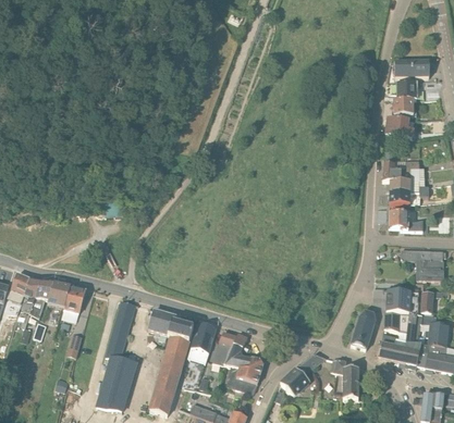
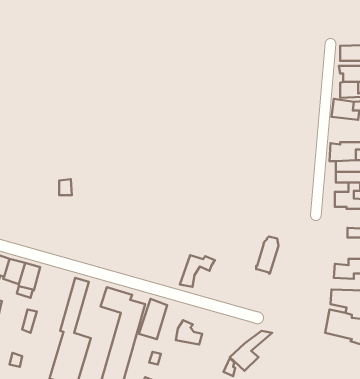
building: [352,311,375,349] -> [256,236,278,273]
building: [212,332,248,364] -> [180,255,215,287]
building: [226,358,263,393] -> none
building: [331,359,358,399] -> none

